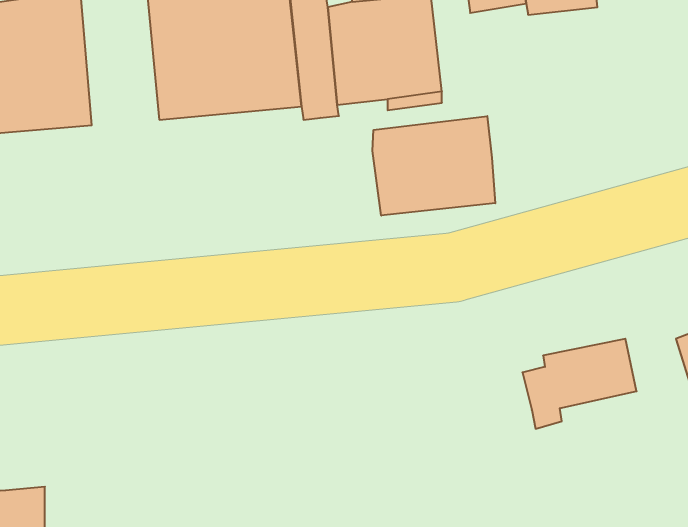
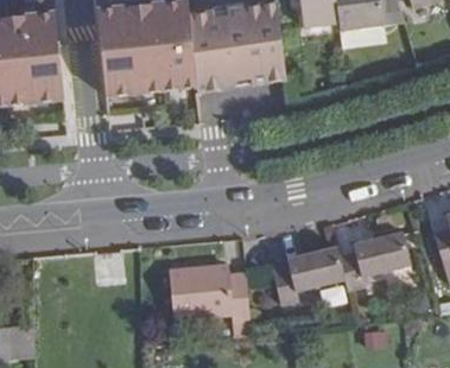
building: [372,116,495,216] -> none
building: none -> [270,246,342,304]
building: none -> [167,265,247,321]

